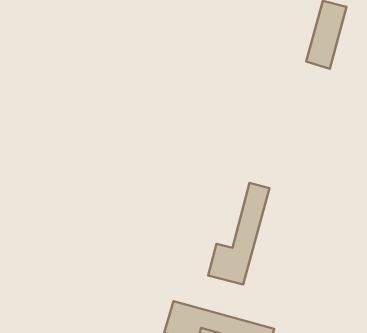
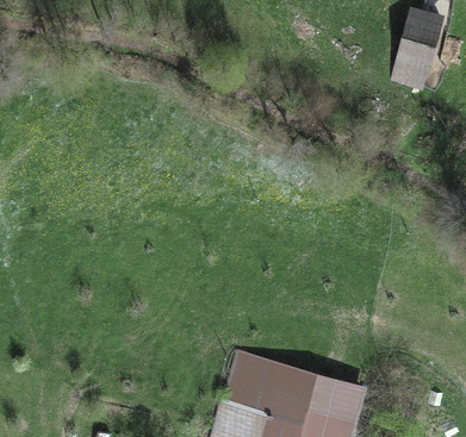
building: [208,183,270,284] -> none

